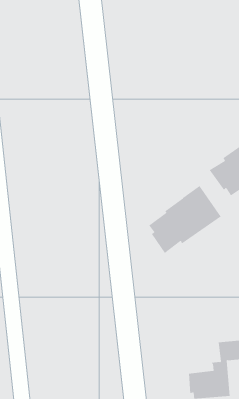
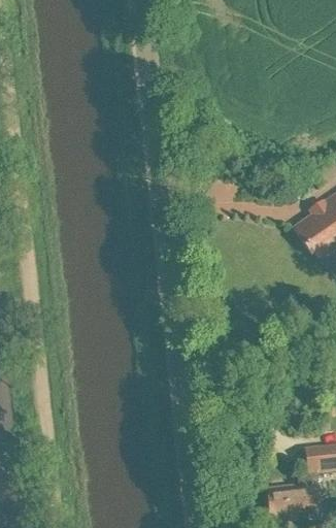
building: [149,185,222,254] -> none

